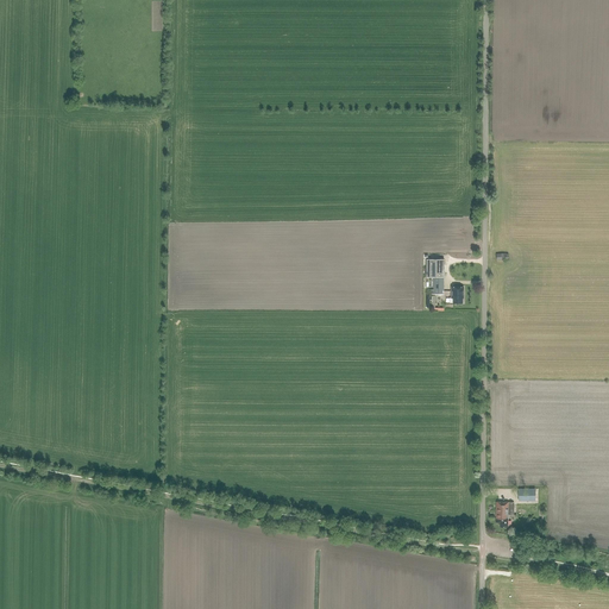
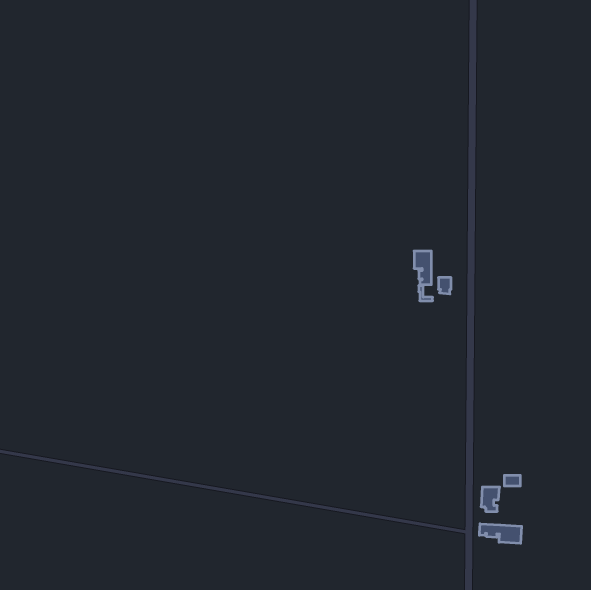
building: none -> [479,524,522,543]

